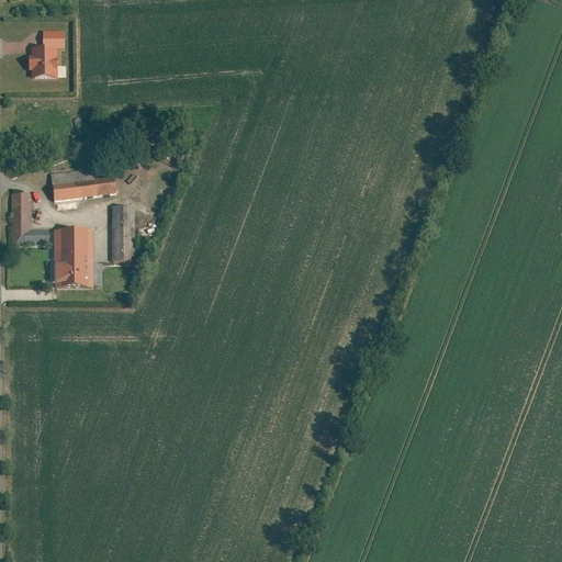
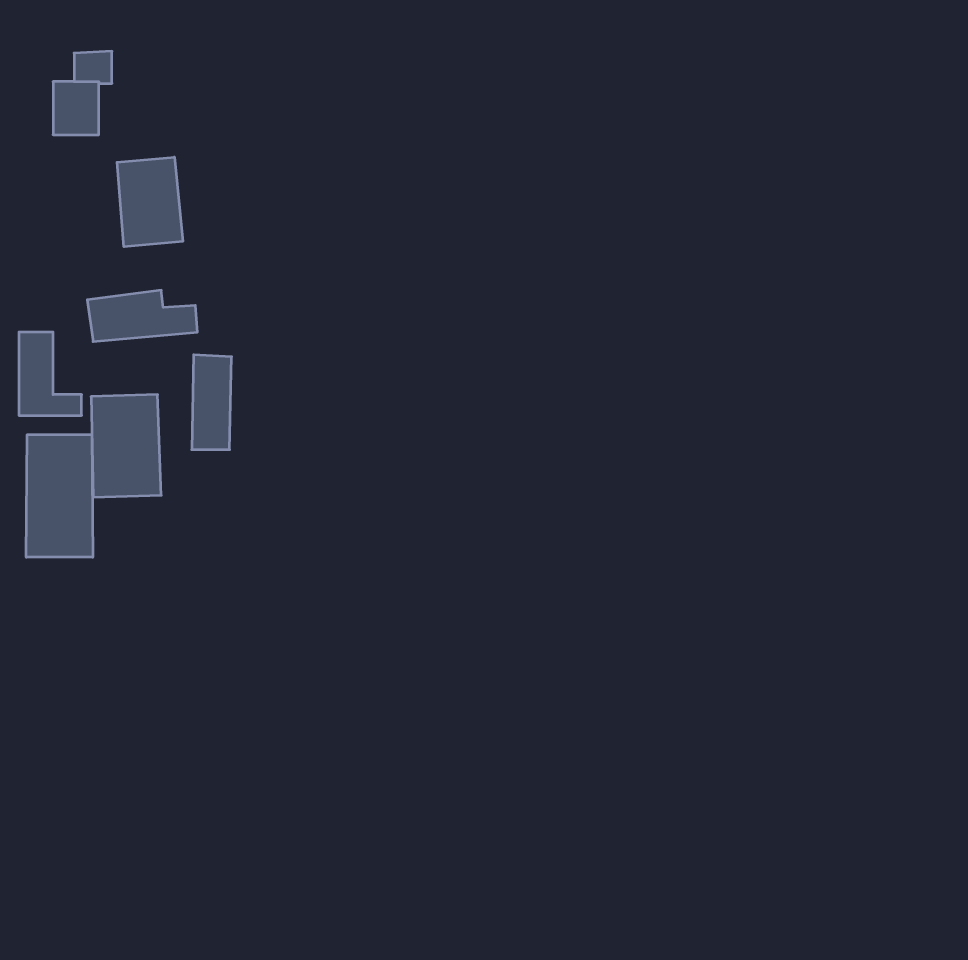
building: none -> [117,157,183,247]
building: none -> [26,435,93,557]

